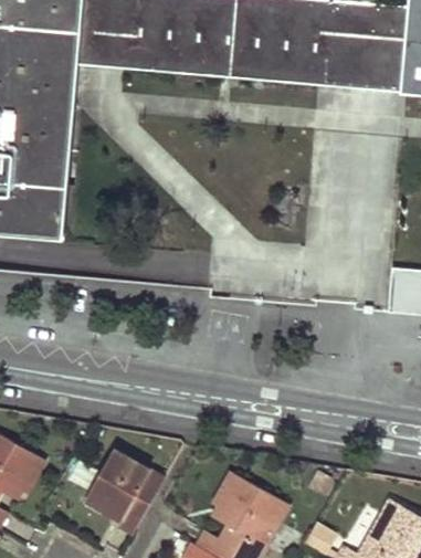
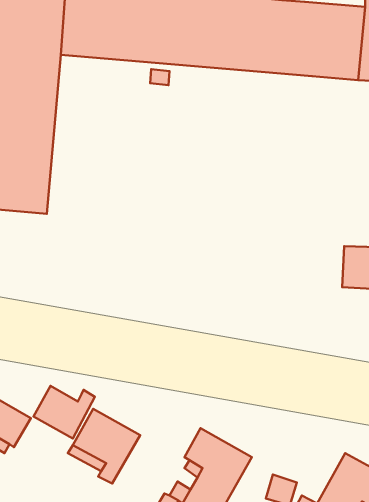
building: none -> [33,386,95,438]

